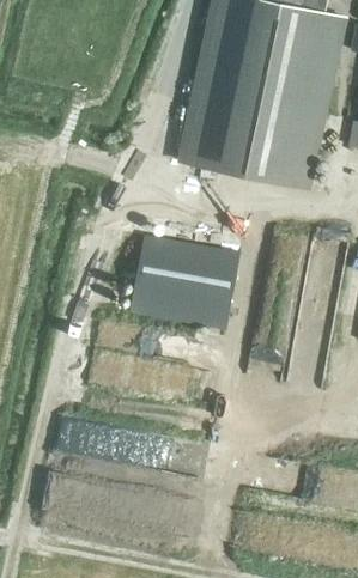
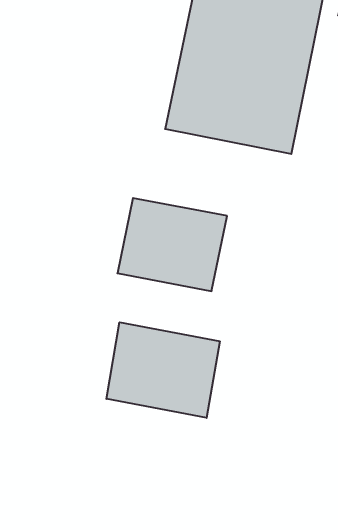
building: none -> [106,322,220,418]

